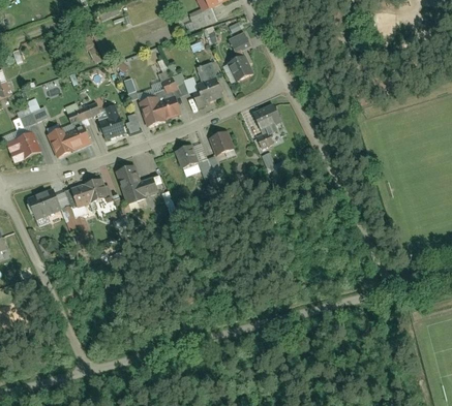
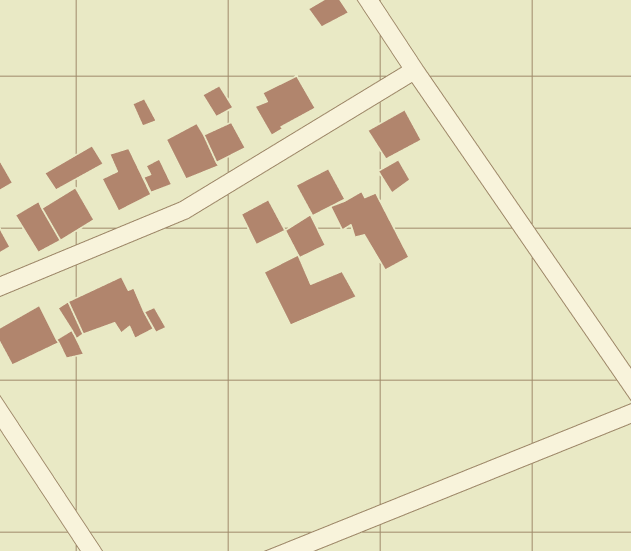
building: [225,54,254,82] -> none
building: none -> [331,191,409,270]
building: [115,163,165,202] -> [264,255,356,325]

